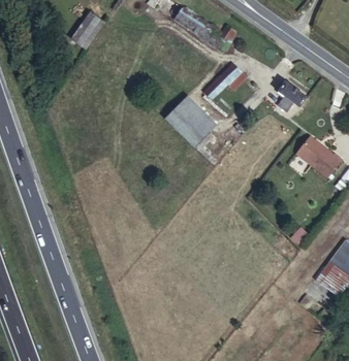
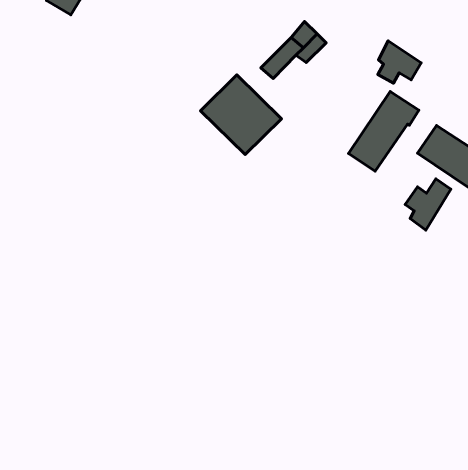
building: none -> [348,92,419,171]
building: none -> [405,179,451,230]

